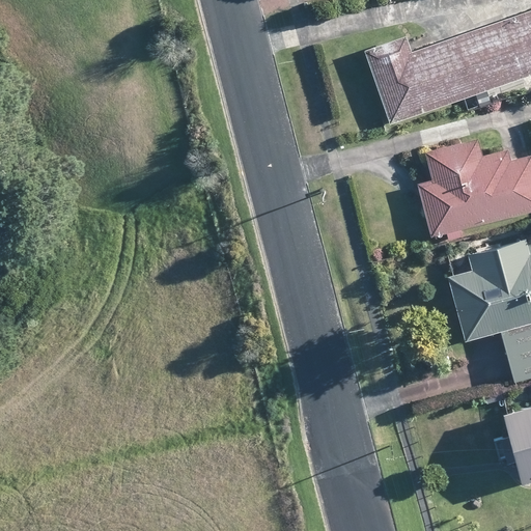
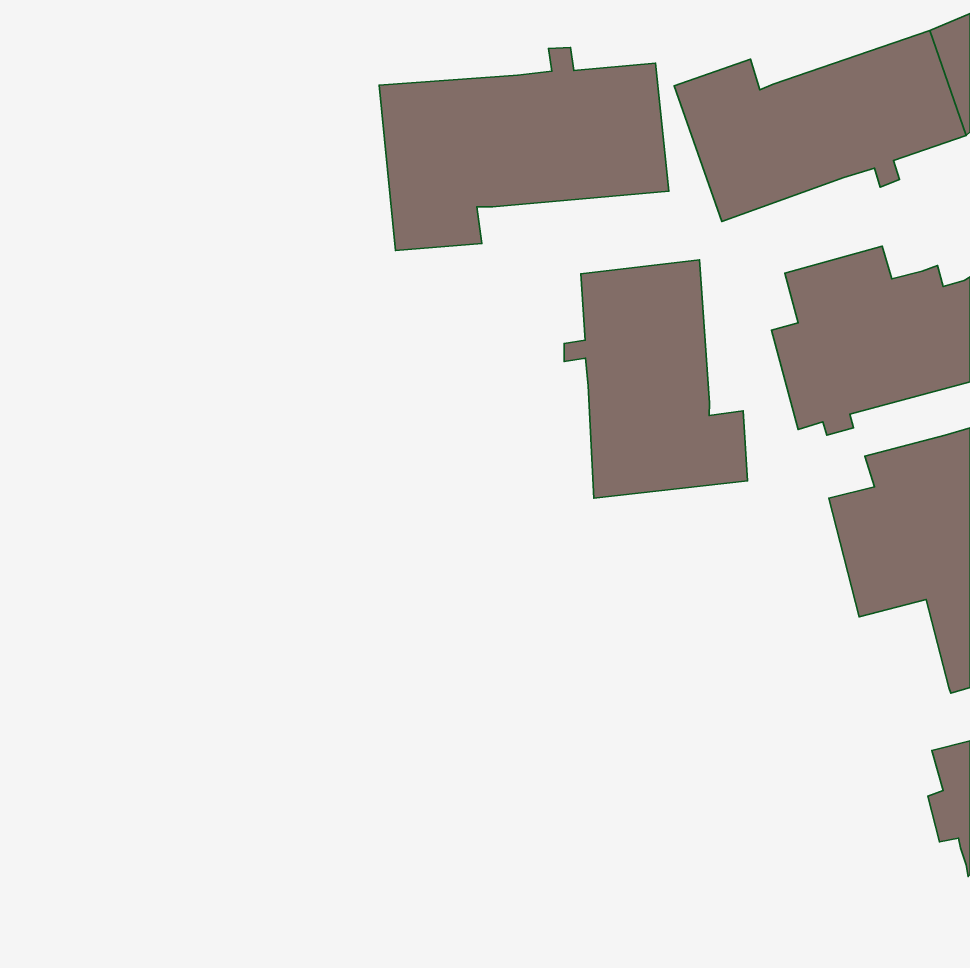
building: none -> [379,48,669,250]
building: none -> [564,260,747,498]

